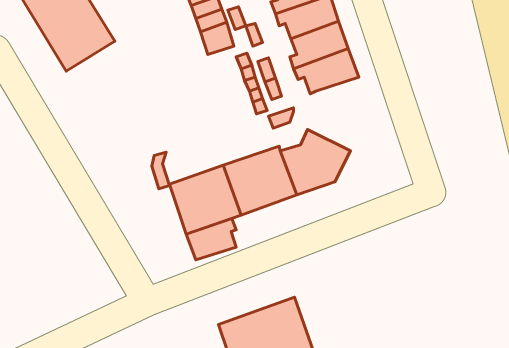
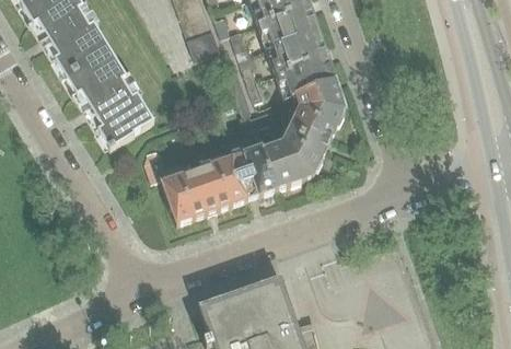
building: none -> [67,46,155,146]
building: none -> [289,79,346,147]
building: [186,218,236,260] -> none

